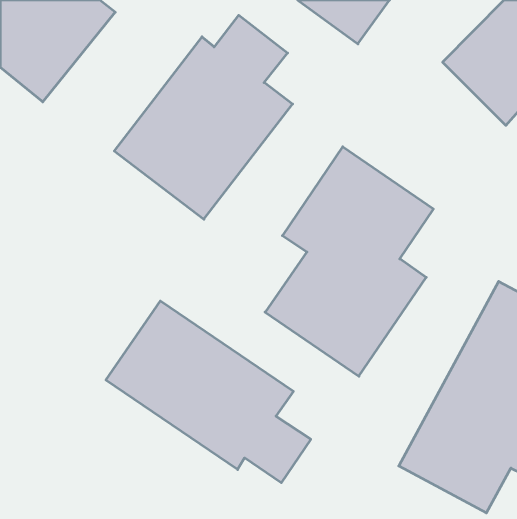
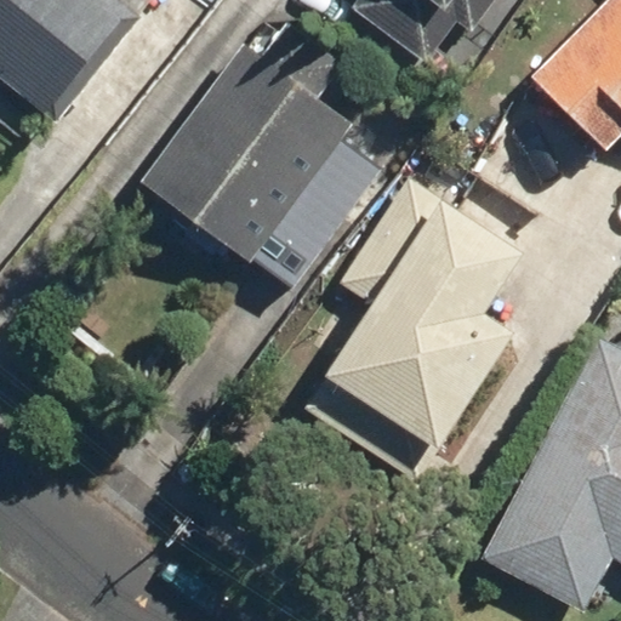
building: [106,301,311,483] -> none

